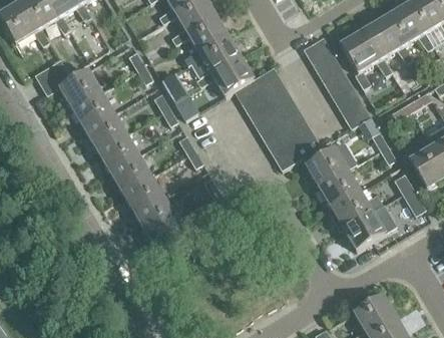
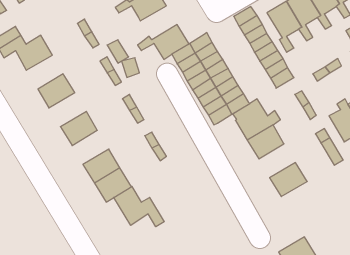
building: [183,35,240,76] -> none
building: [71,90,112,128] -> none
building: [96,132,138,171] -> none
building: [122,175,163,213] -> none
building: [328,190,382,228] -> none
building: none -> [114,186,164,227]

